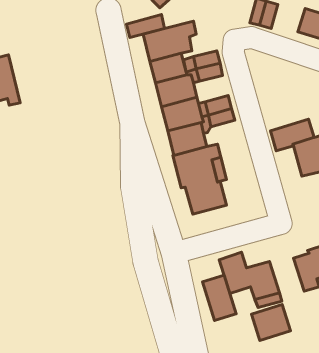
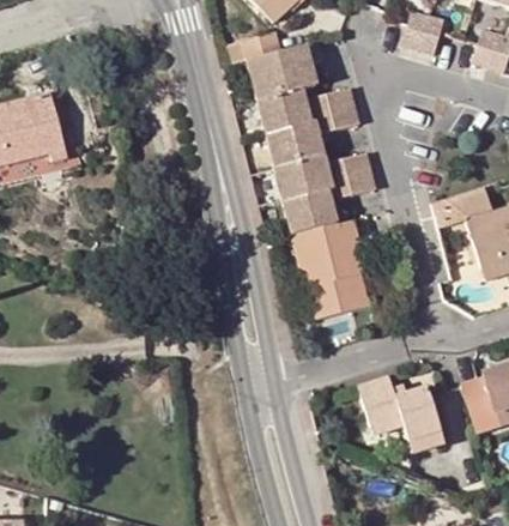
building: [202,275,236,321] -> none
building: [252,305,290,341] -> none

